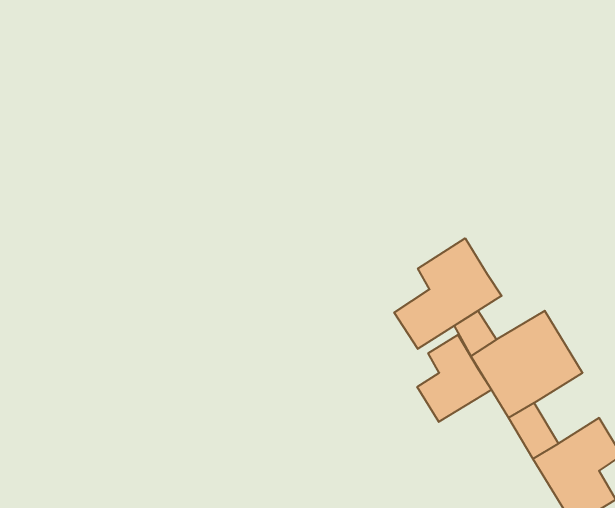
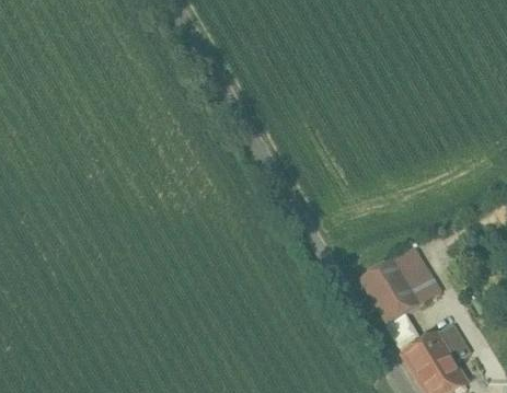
building: [394,238,502,349] -> none
building: [417,335,491,422] -> none

